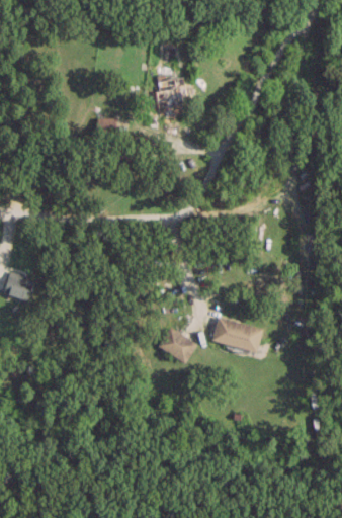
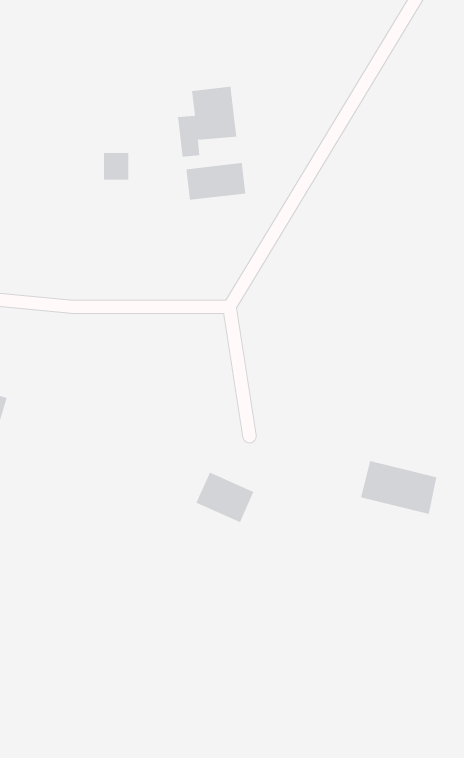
building: none -> [186,162,246,201]
building: [211,316,262,351] -> [360,460,437,514]

